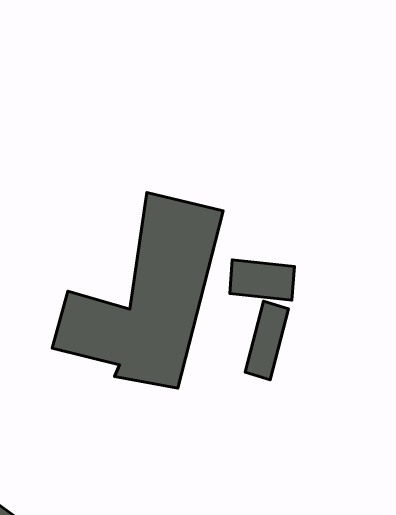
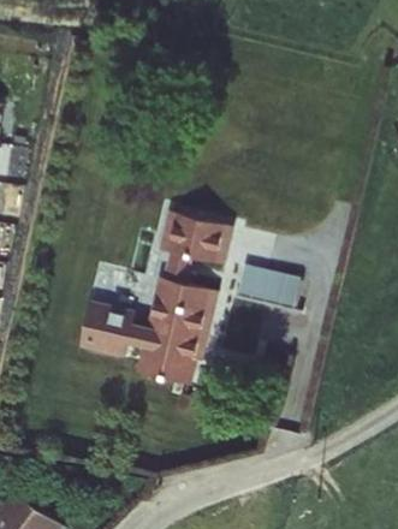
building: [245,301,288,380] -> none

